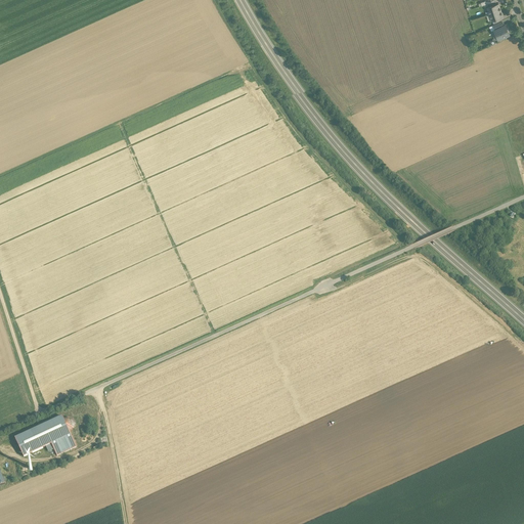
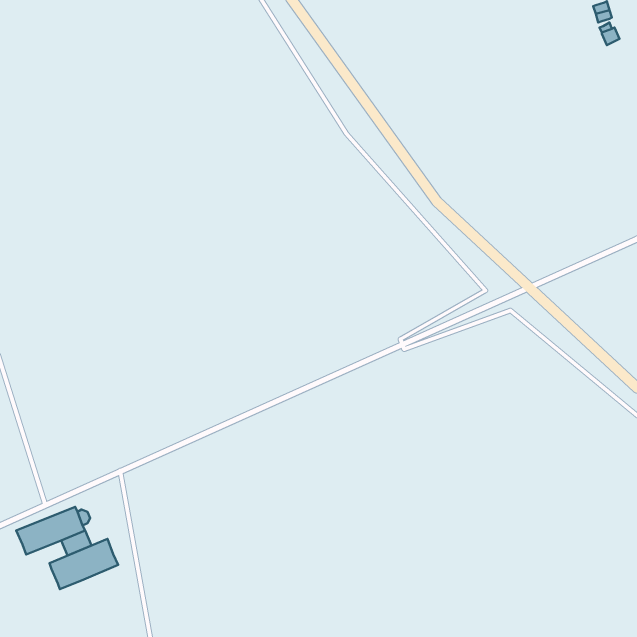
building: none -> [49,539,118,589]

